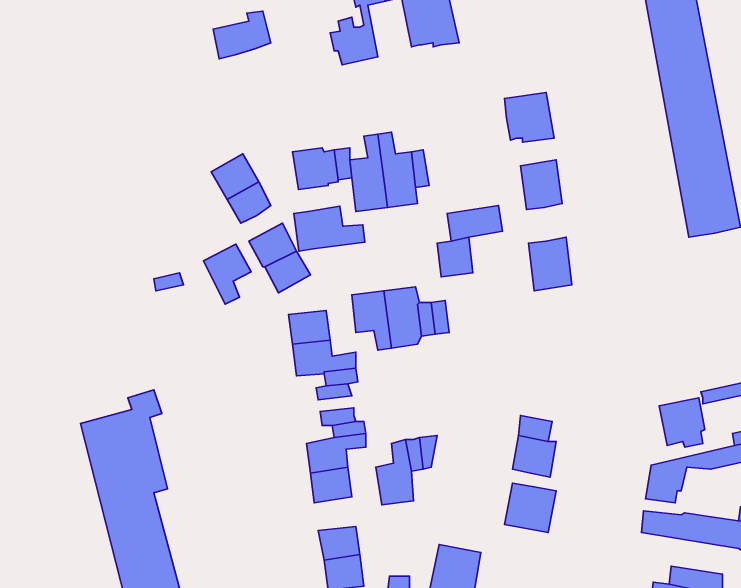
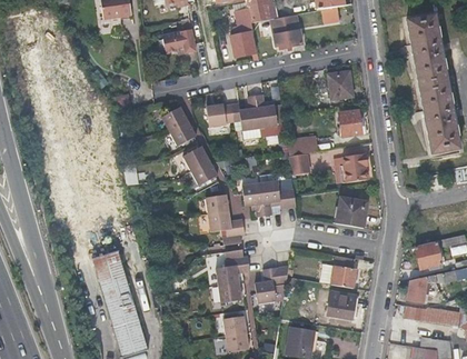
building: [294,206,365,251] -> none
building: [203,244,251,304] -> none
building: none -> [338,198,369,228]

